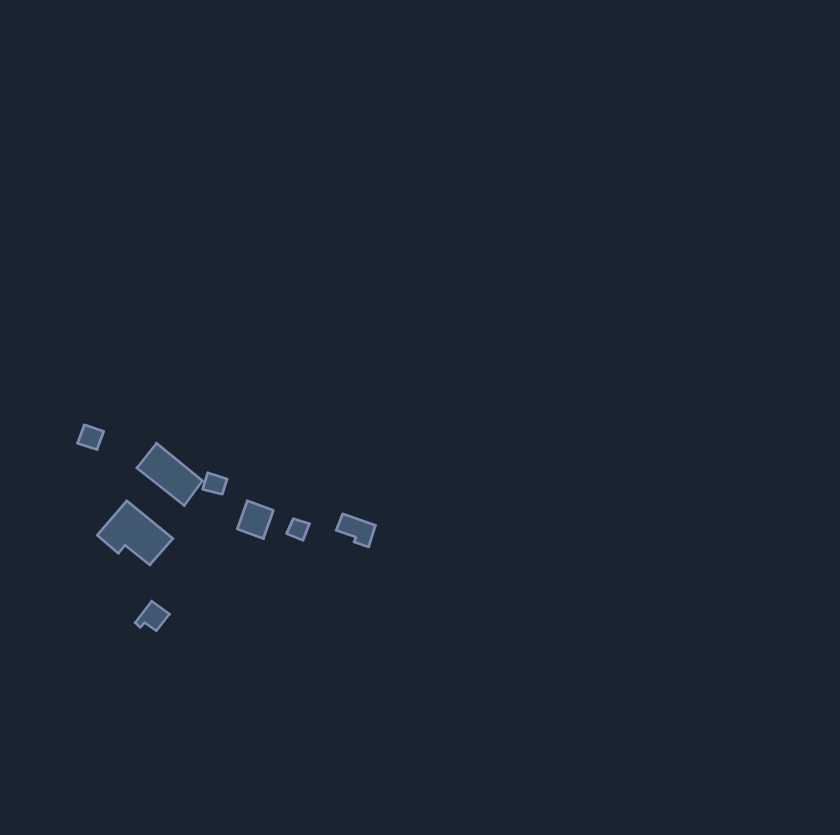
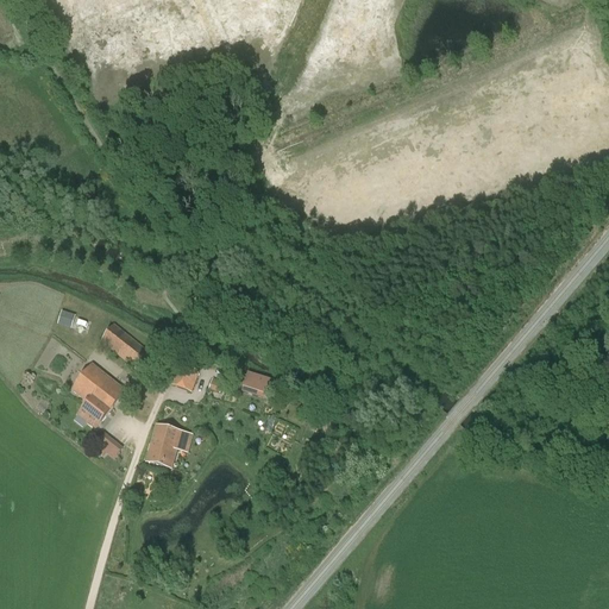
building: none -> [76,394,108,426]
building: none -> [145,421,181,466]

